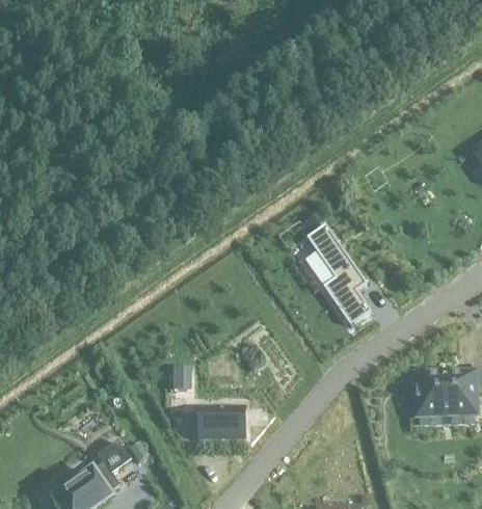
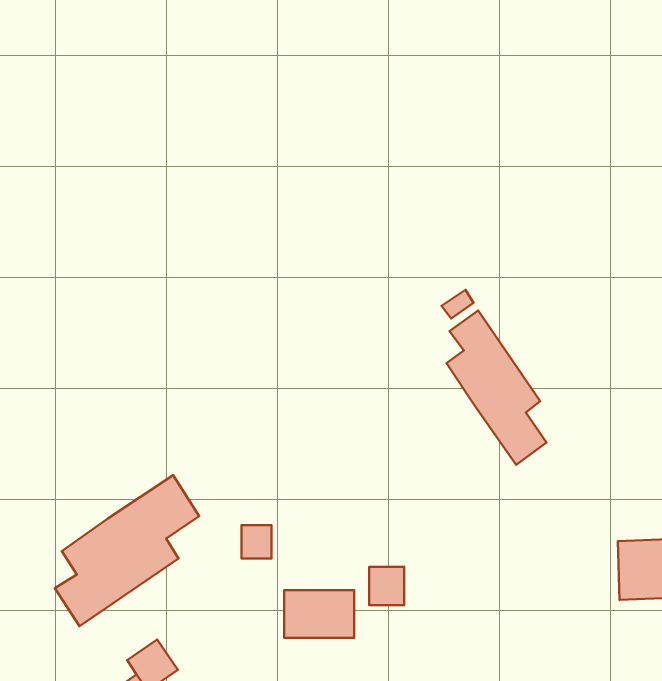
building: none -> [55,475,199,626]
building: none -> [369,567,404,605]

